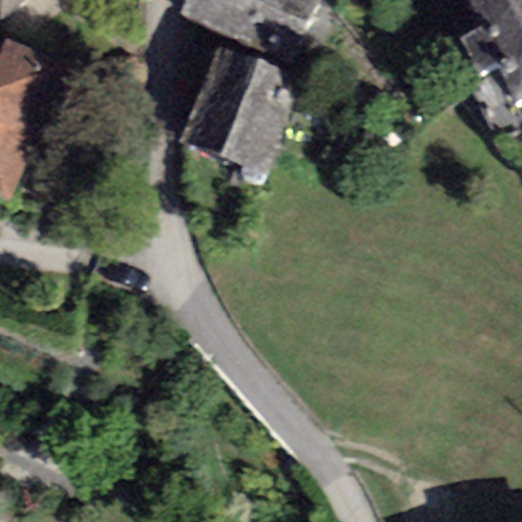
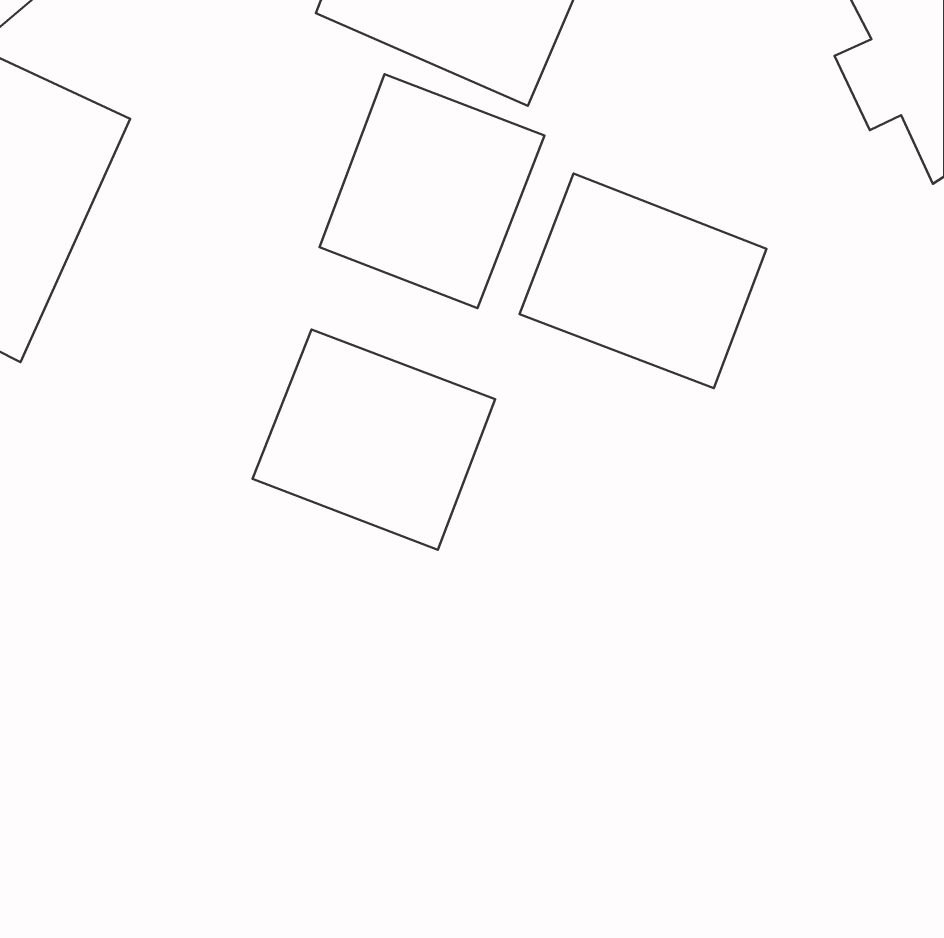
building: none -> [520,174,767,388]
building: none -> [253,329,495,550]

